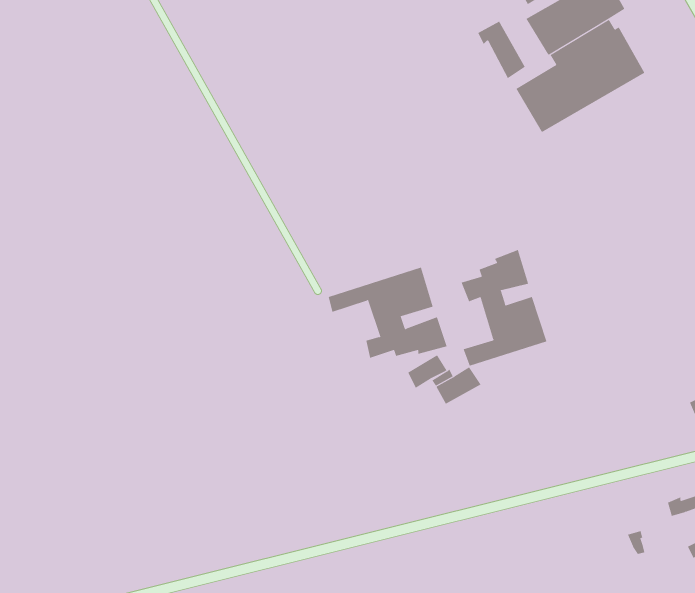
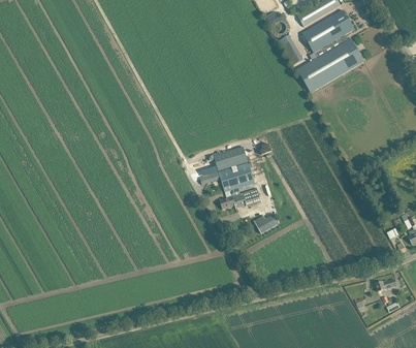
building: none -> [213,146,247,169]
building: [461,249,547,367] -> none

